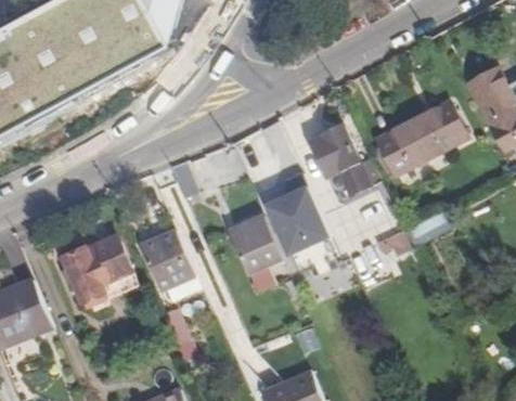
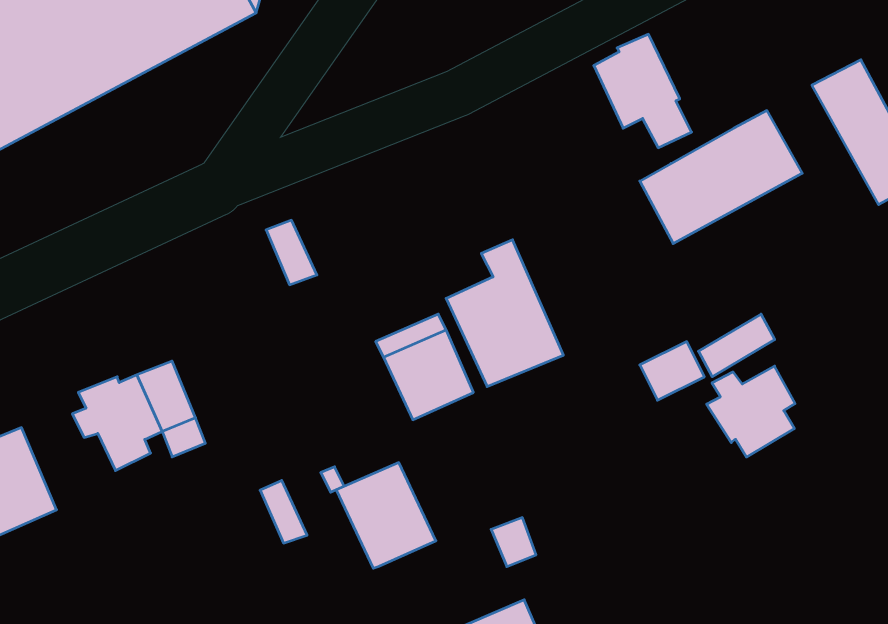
building: [314,127,369,190] -> [594,34,692,148]
building: [141,231,196,289] -> [336,463,436,568]
building: none -> [707,366,795,457]

